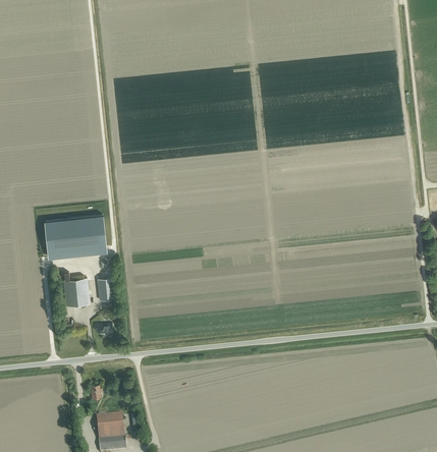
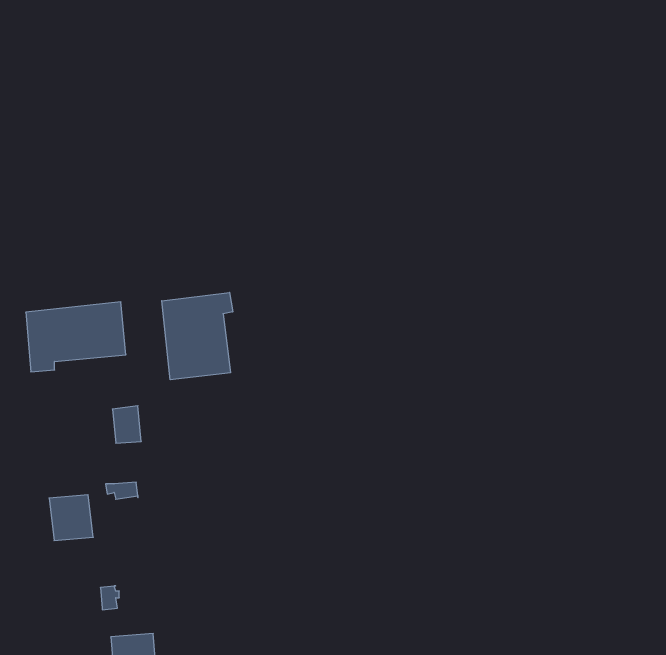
building: none -> [162,292,233,380]
building: [63,280,90,307] -> [49,495,93,541]

